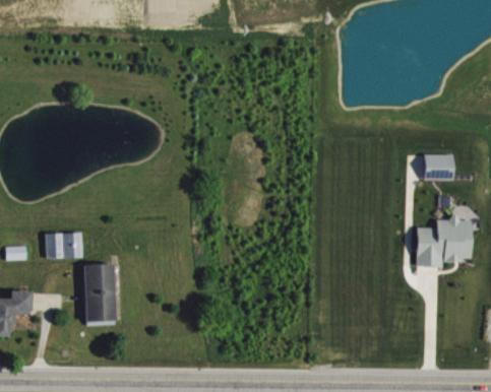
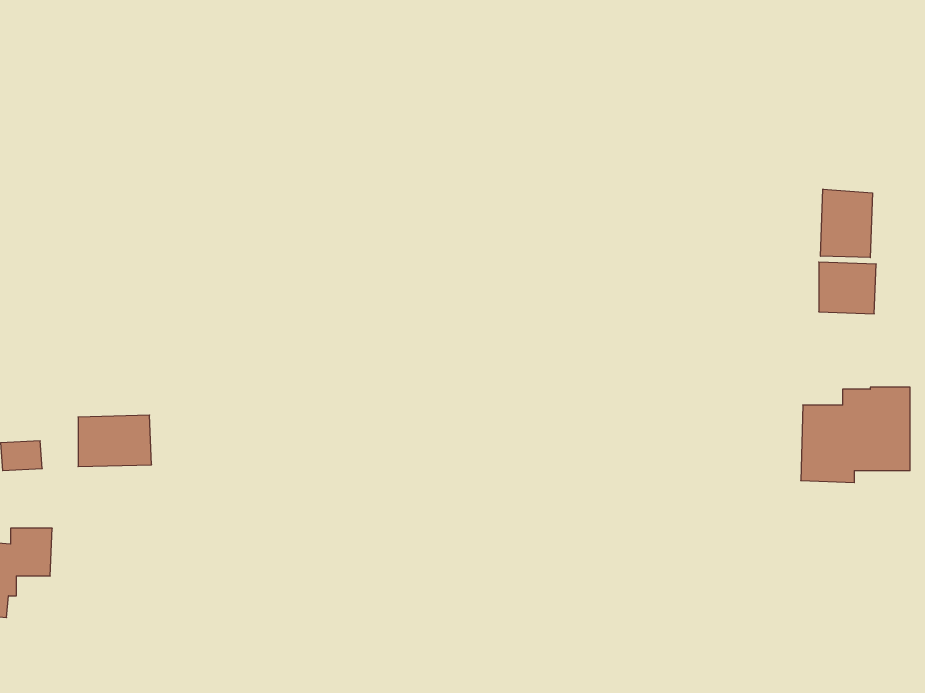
building: none -> [821,189,872,258]
building: [84,262,117,325] -> none

